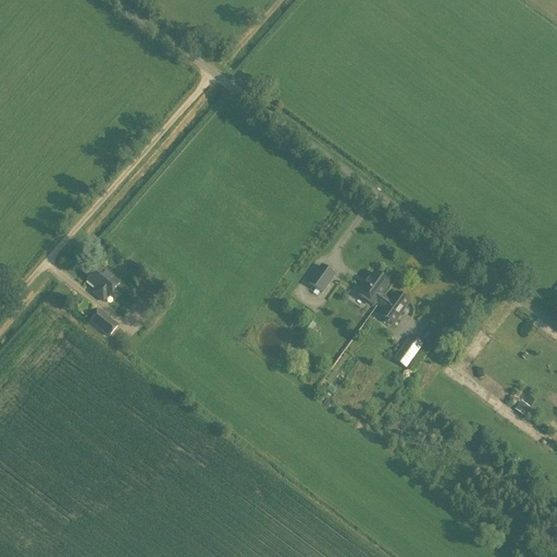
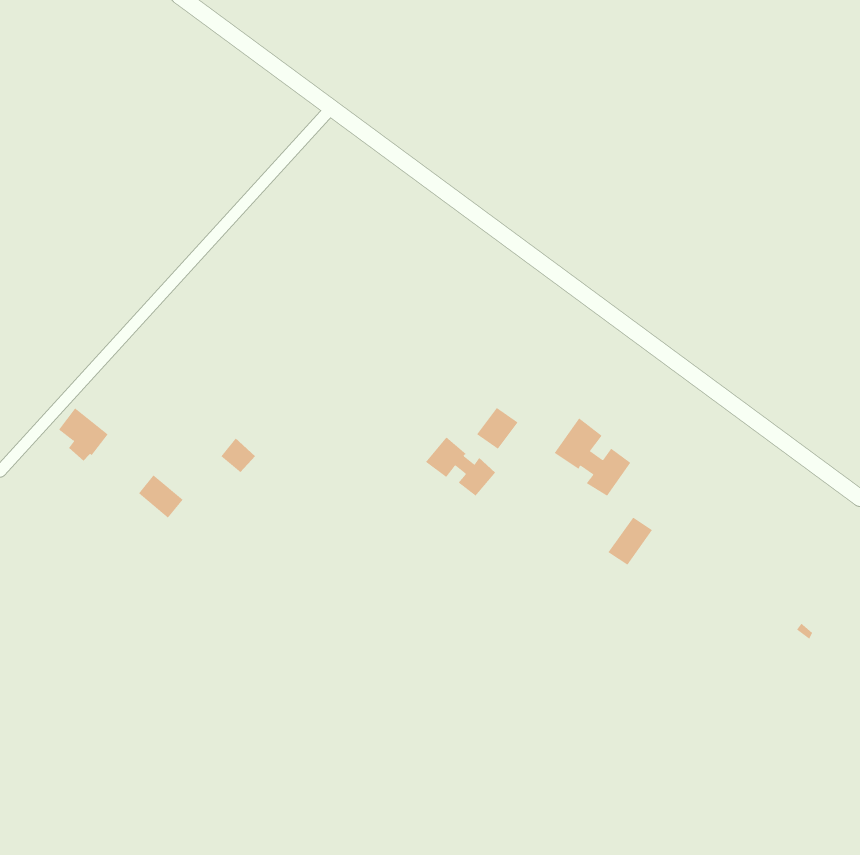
building: [87,264,120,299] -> [58,407,109,461]
building: none -> [425,436,496,496]

